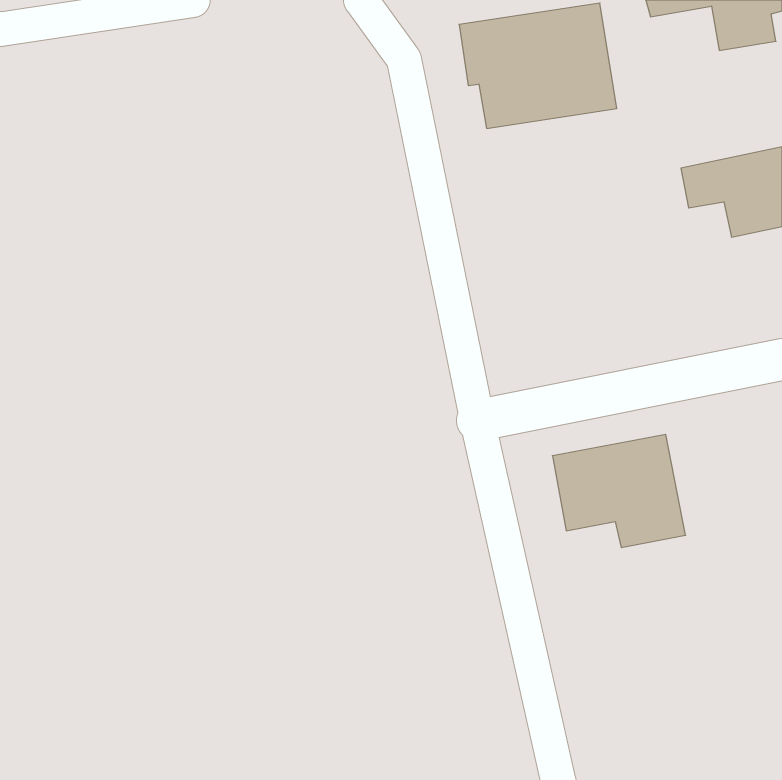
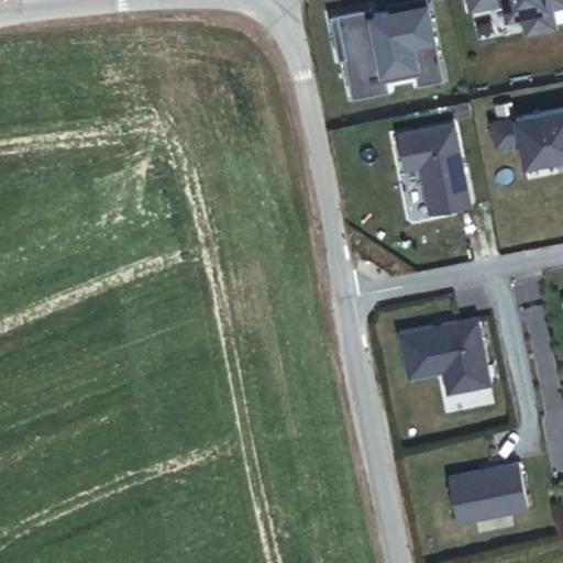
building: none -> [396,122,473,216]
building: none -> [448,461,530,526]

